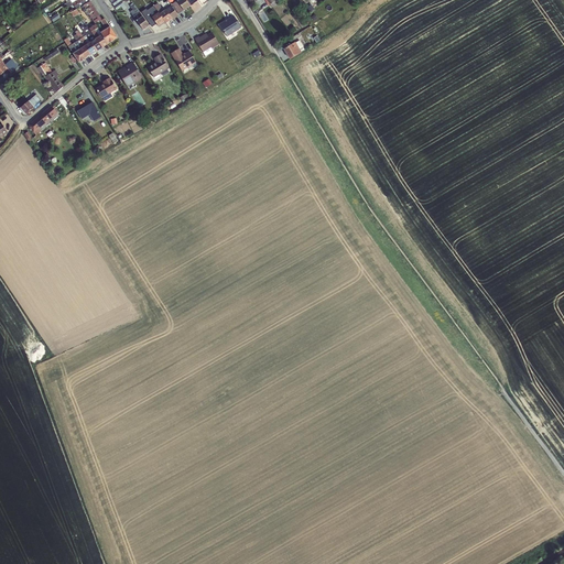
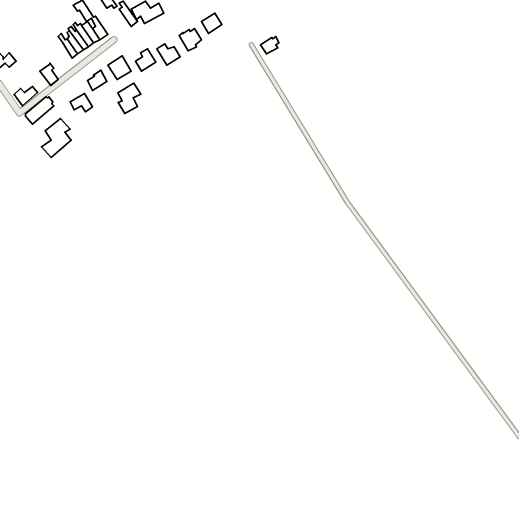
building: none -> [118,83,141,113]
building: none -> [42,119,71,157]

